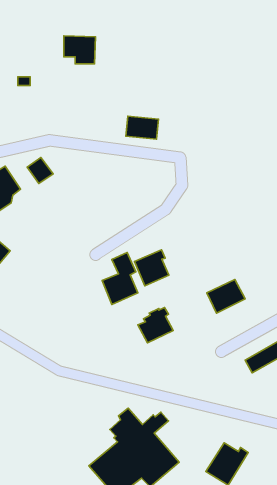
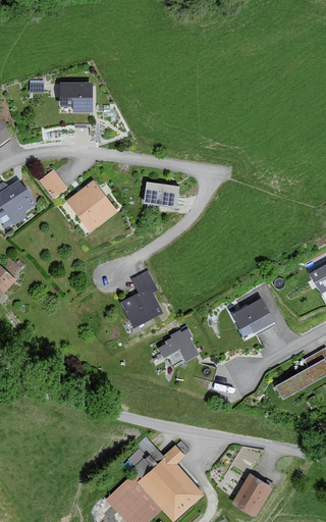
building: [64,36,95,64] -> [58,83,92,112]
building: [126,116,158,139] -> [143,182,177,207]
building: none -> [66,181,115,231]
building: [134,250,169,286] -> none

